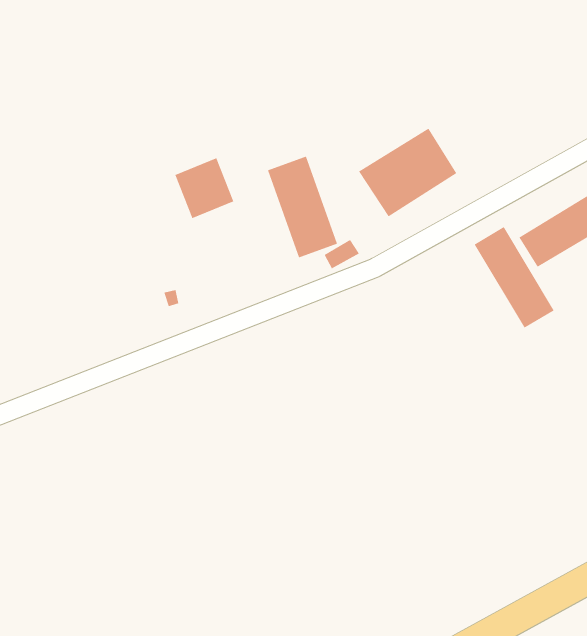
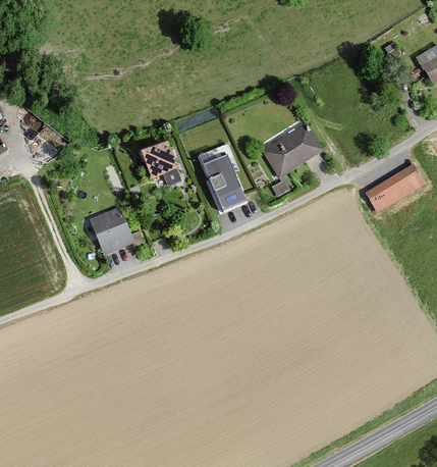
building: [474,226,554,329] -> none
building: none -> [89,206,134,254]

